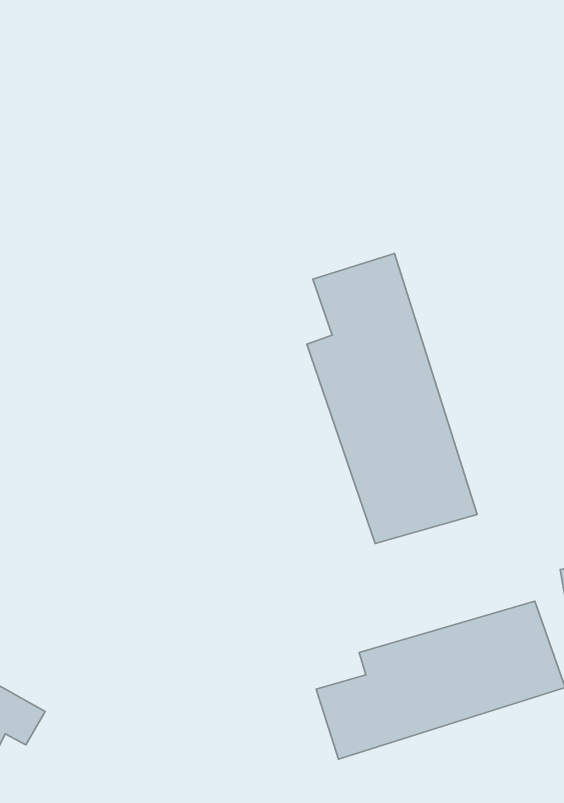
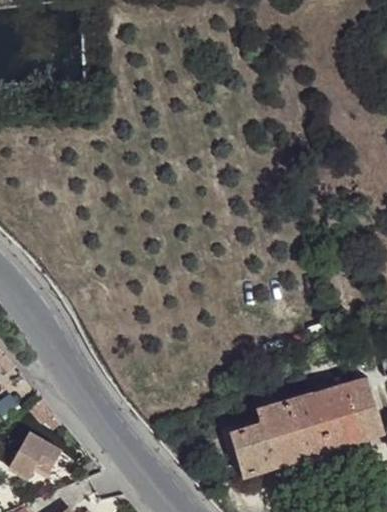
building: [307,253,477,543] -> none

